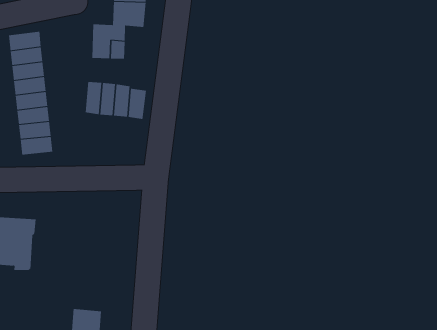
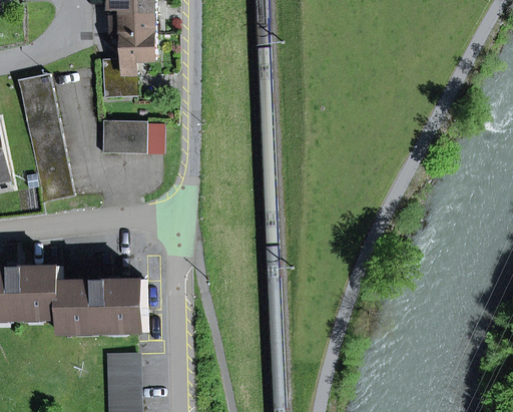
building: none -> [59,280,147,334]

